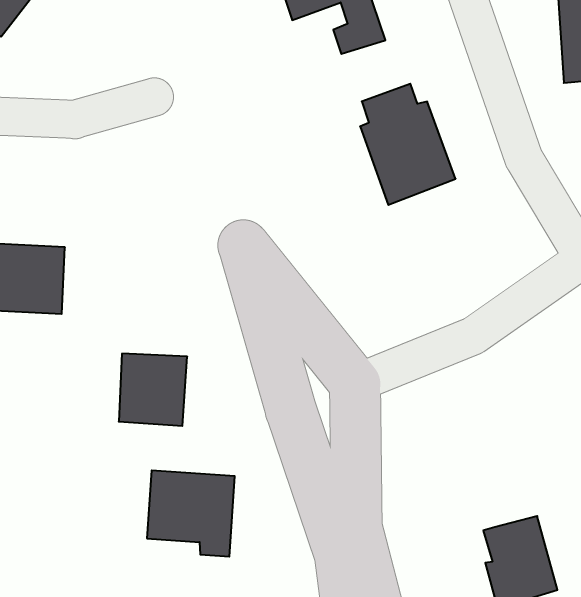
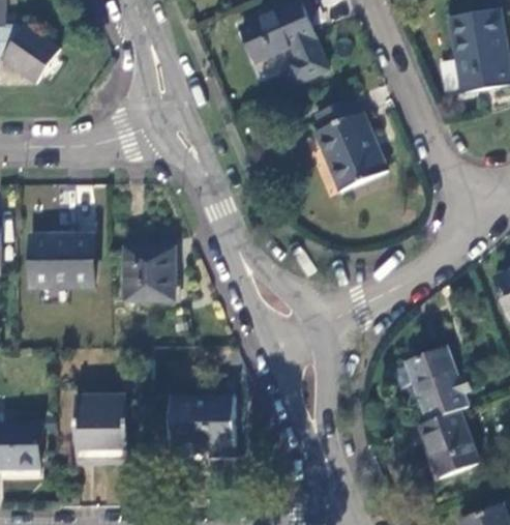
building: [119,354,187,426] -> [127,249,176,300]
building: none -> [408,352,468,424]
building: none -> [76,400,128,453]

